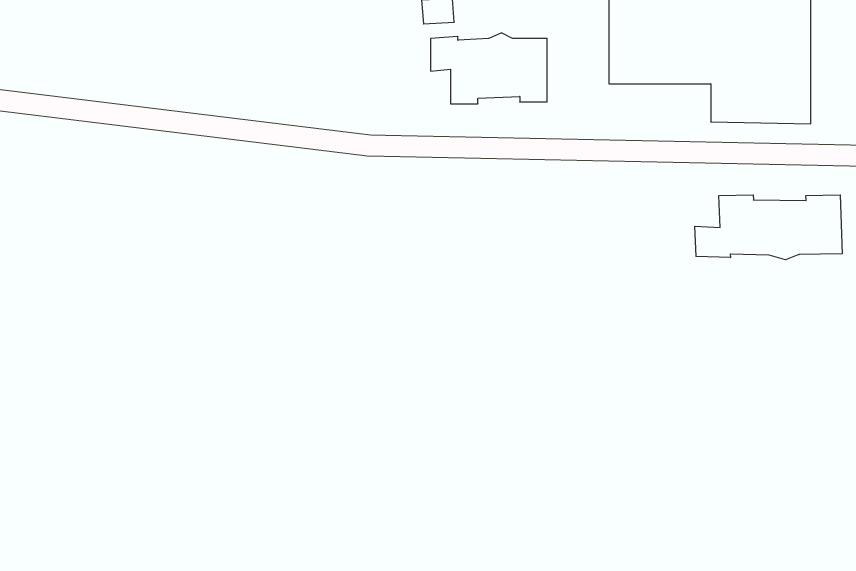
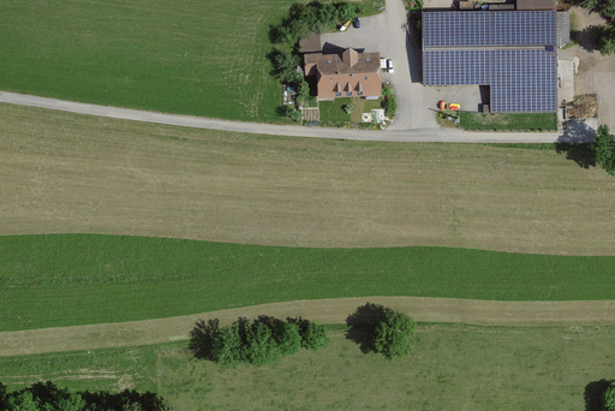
building: [695,195,842,260] -> none

